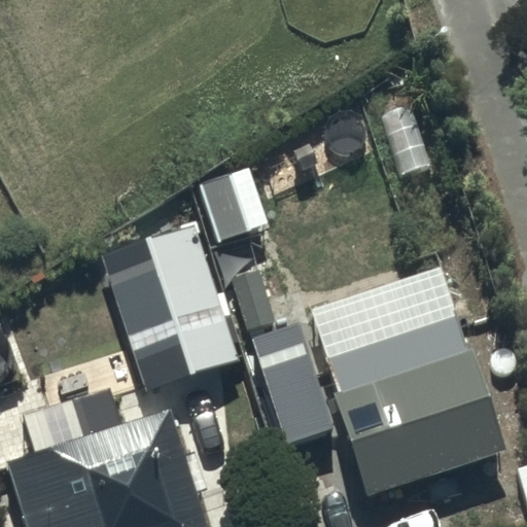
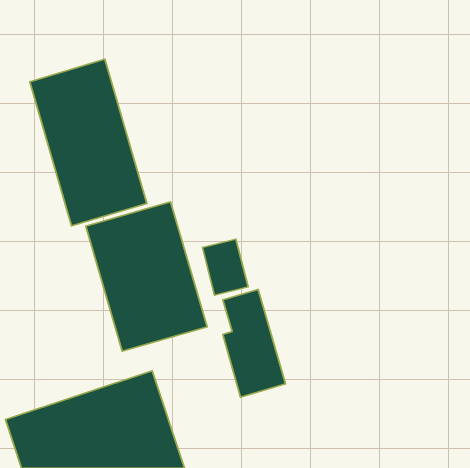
building: none -> [30,59,147,226]
building: [330,314,504,496] -> none

